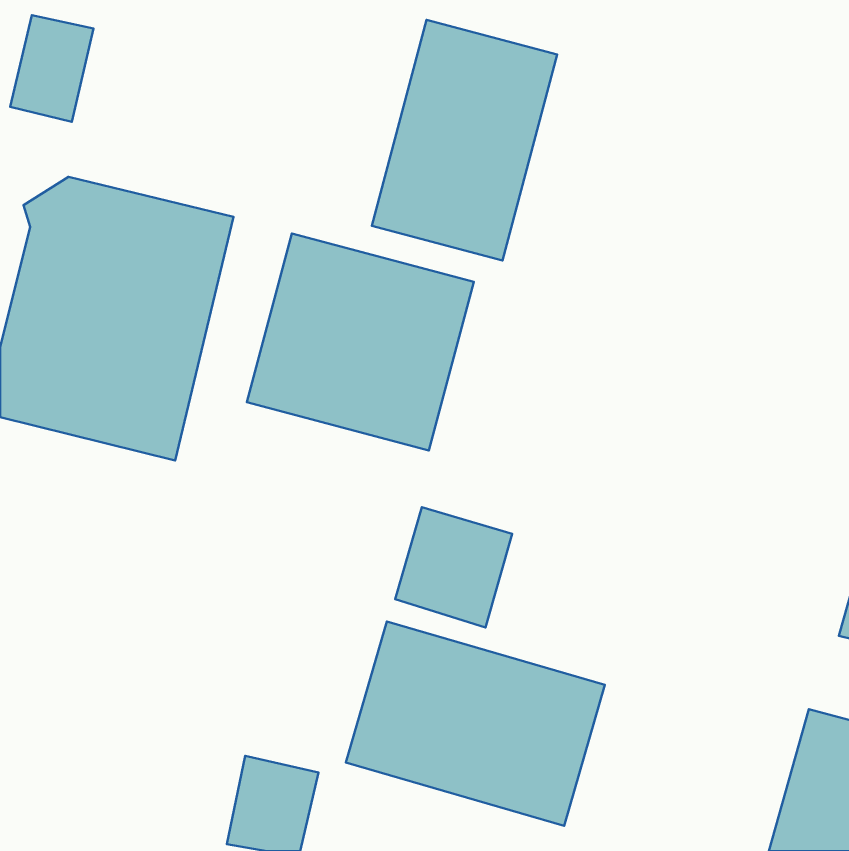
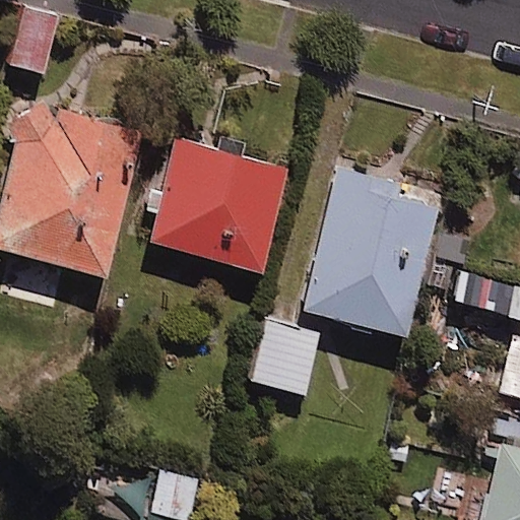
building: [372,20,557,260] -> none
building: none -> [289,155,431,319]
building: [346,621,605,826] -> none

